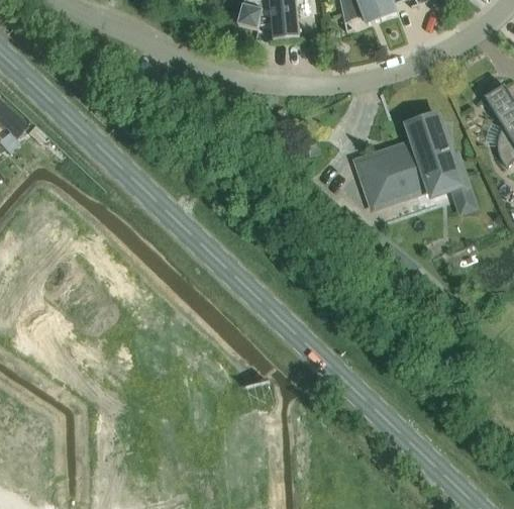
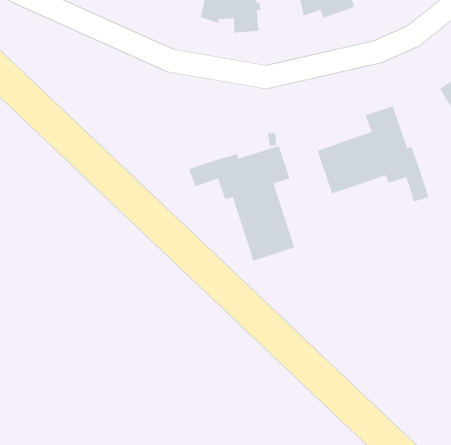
building: none -> [189,145,295,262]

